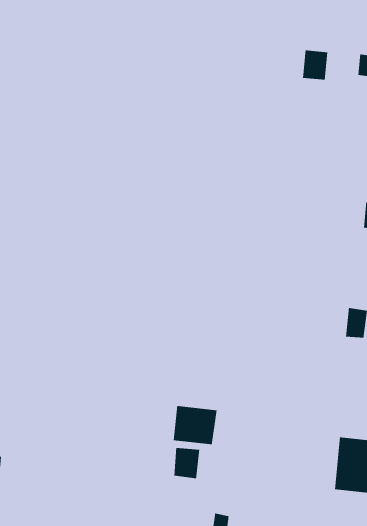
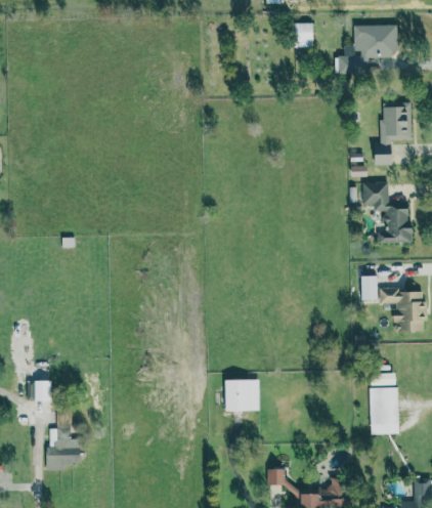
building: [302,50,328,80] -> [292,23,313,48]
building: [174,447,200,479] -> none

